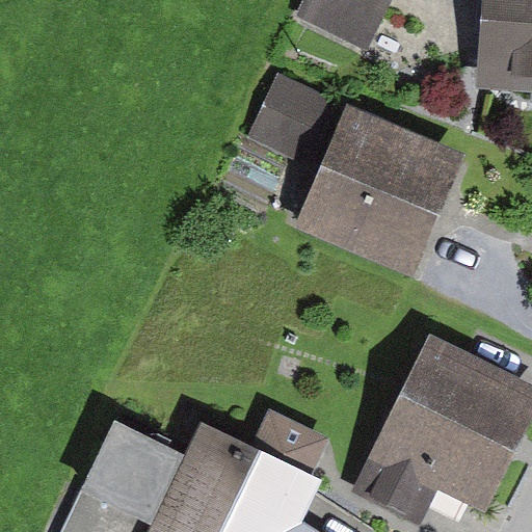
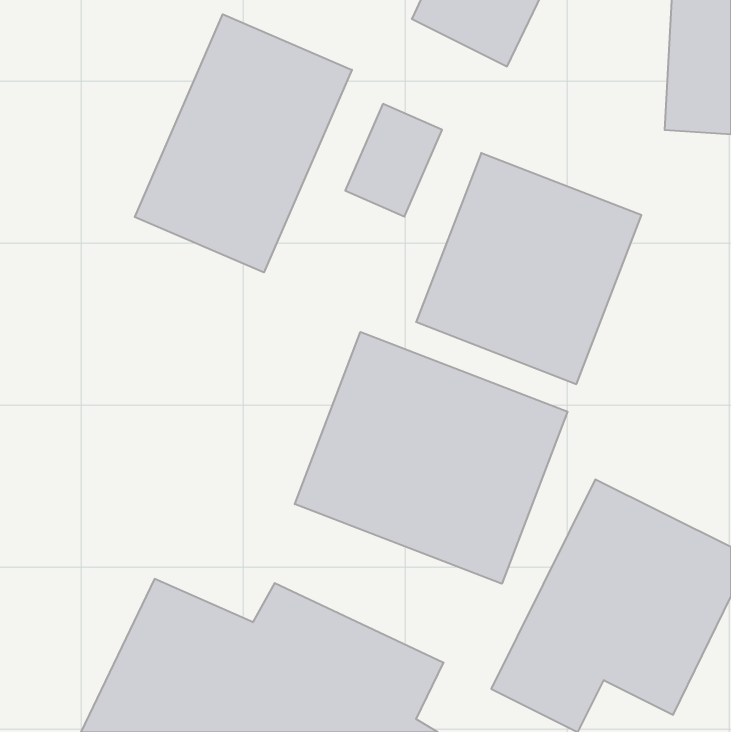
building: none -> [135,14,352,272]
building: none -> [295,332,568,584]

